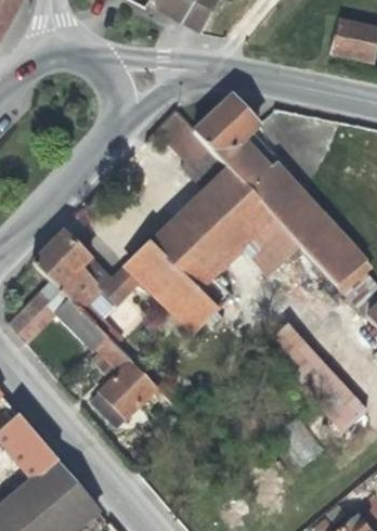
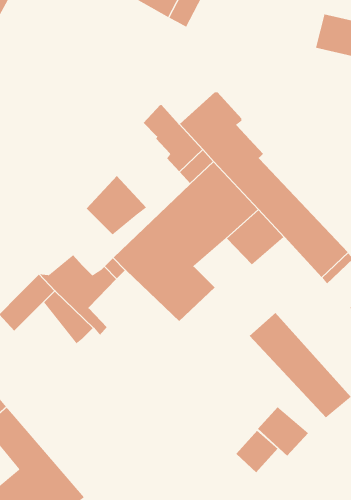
building: [35,222,96,283] -> [86,175,147,235]
building: [91,337,161,427] -> none
building: none -> [235,430,278,473]

